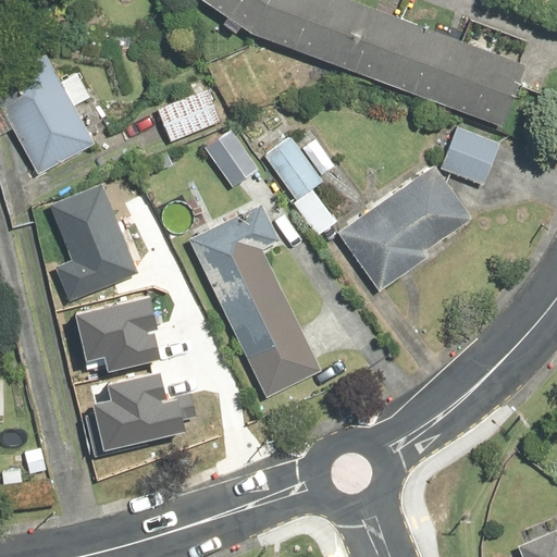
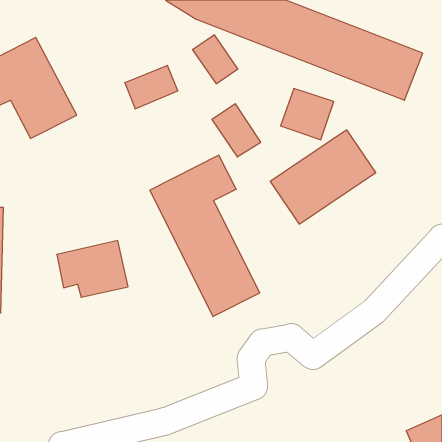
building: [440,123,506,187] -> [281,89,334,140]
building: [202,127,259,188] -> [193,35,238,84]
building: [44,188,123,298] -> none
building: [92,372,175,442] -> none

